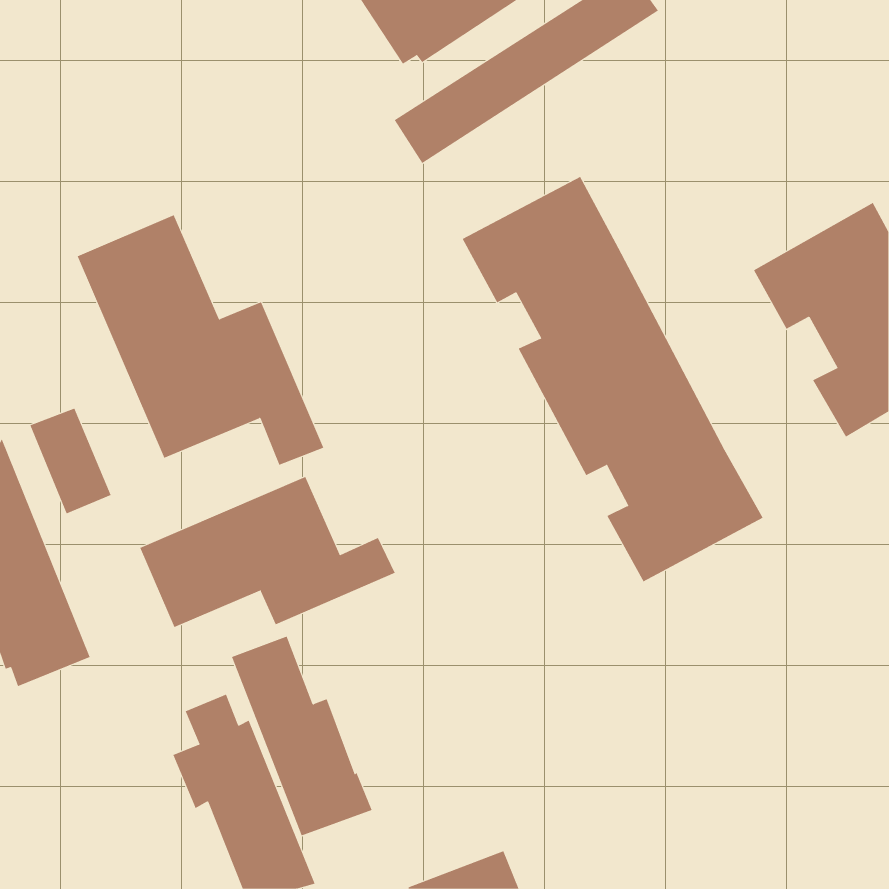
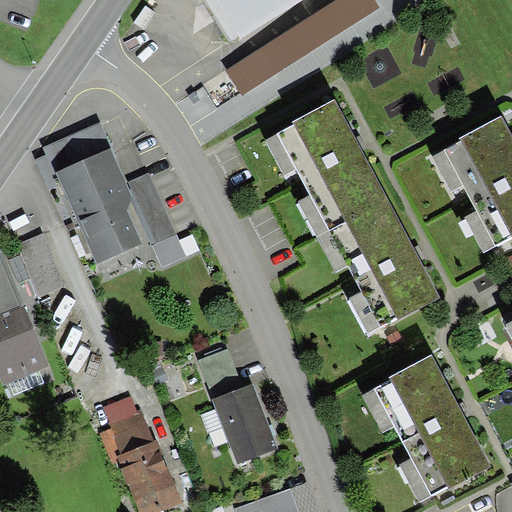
building: [139,476,395,628] -> none
building: none -> [361,356,489,502]
building: [231,636,372,836] -> [197,347,278,462]

